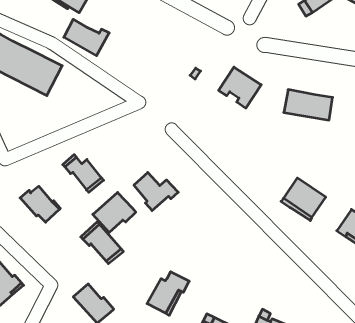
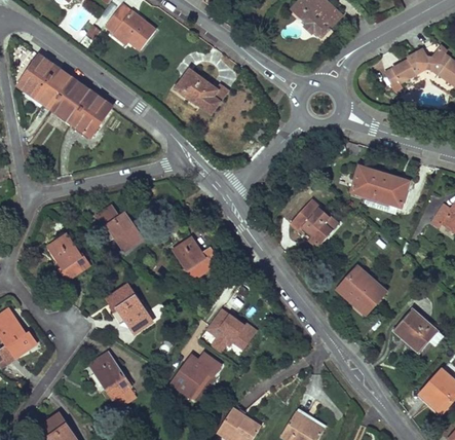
building: [64,19,109,56] -> [177,70,228,114]
building: [219,67,261,108] -> [290,200,338,248]
building: [93,192,136,233] -> none
building: none -> [201,306,256,351]

